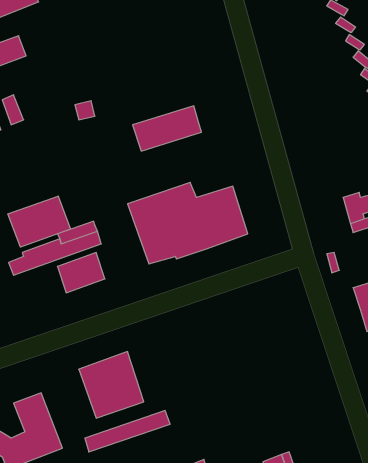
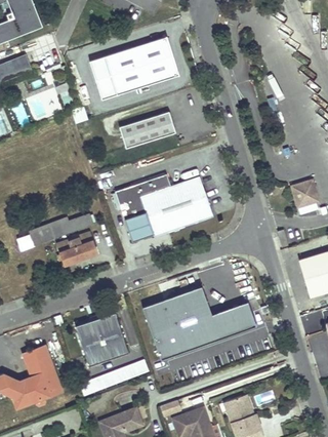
building: none -> [90,36,179,98]
building: [8,196,71,247] -> none
building: none -> [142,288,256,361]

